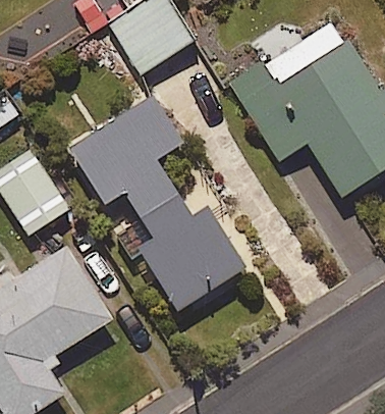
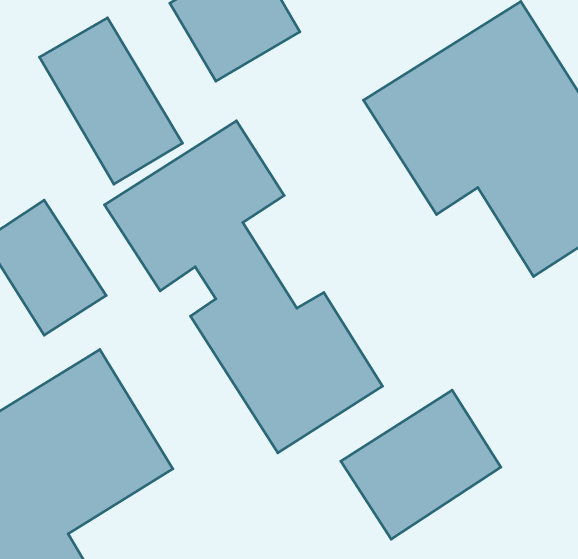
building: none -> [39,18,182,184]
building: none -> [341,390,501,539]

